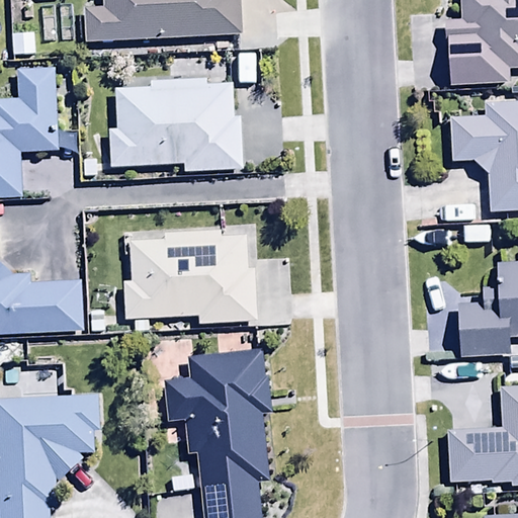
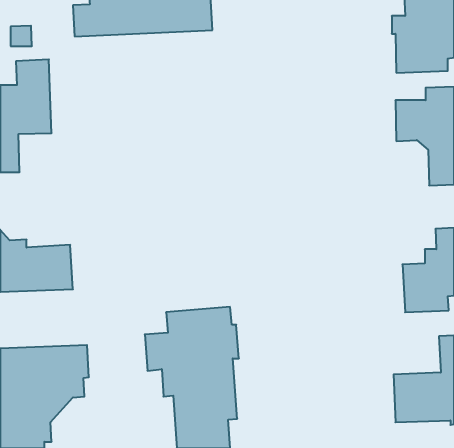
building: [110,77,244,172] -> none
building: [123,229,259,329] -> none

